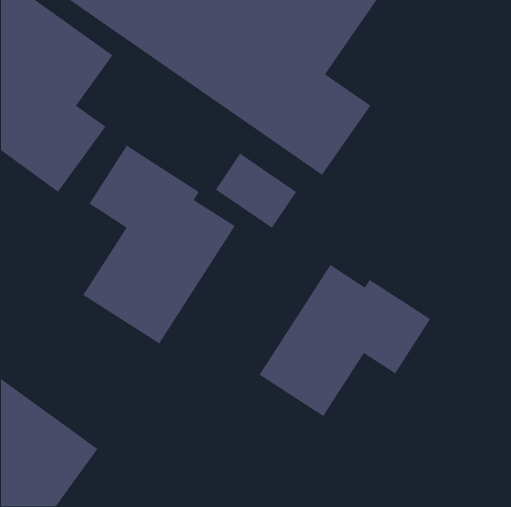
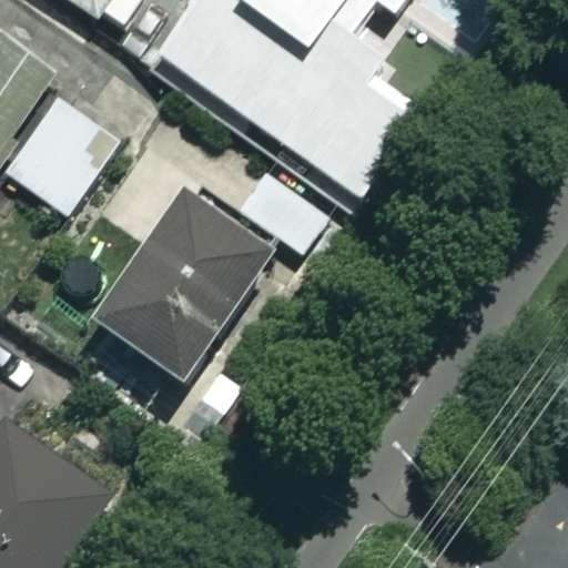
building: [259,264,431,417] -> none

